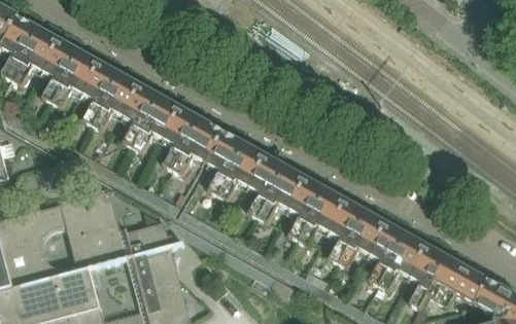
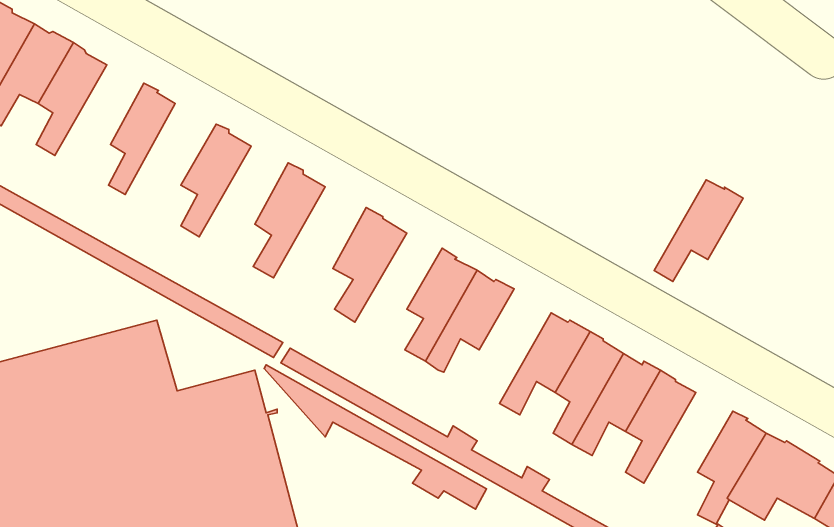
building: [53,51,102,108] -> none
building: [92,73,142,131] -> none
building: [133,97,182,153] -> none
building: [174,119,222,175] -> none
building: [219,145,268,201] -> none
building: [288,176,329,240] -> none
building: [380,233,429,290] -> [654,180,743,282]

